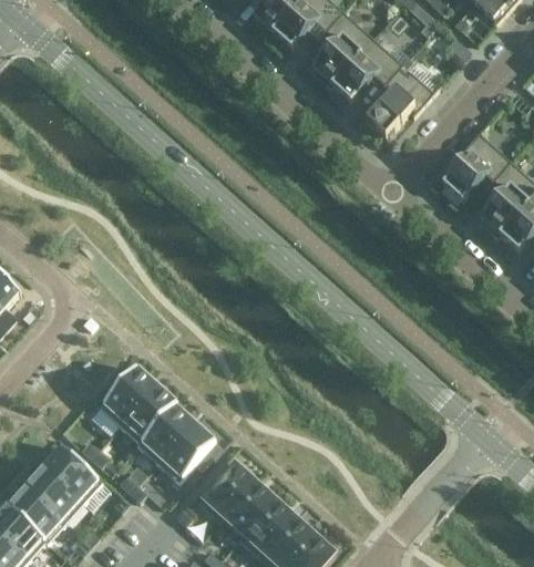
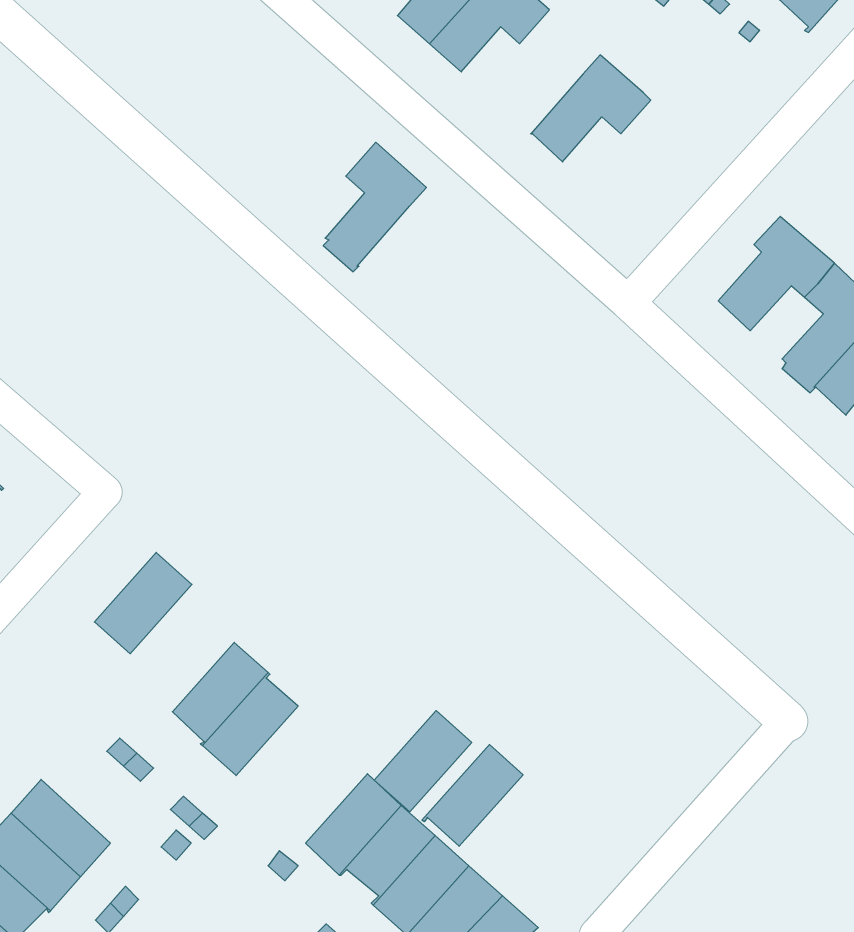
building: [311,10,372,86] -> [323,142,426,272]
building: [366,63,440,137] -> none
building: [99,364,156,424] -> [94,552,192,654]
building: [157,421,215,481] -> [374,711,472,812]
building: none -> [422,745,523,846]
building: [42,444,102,502] -> none

